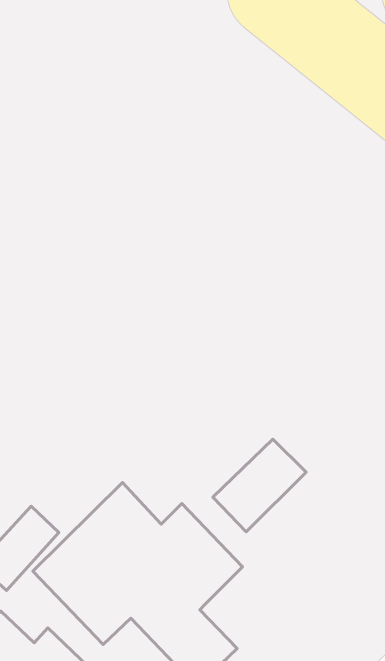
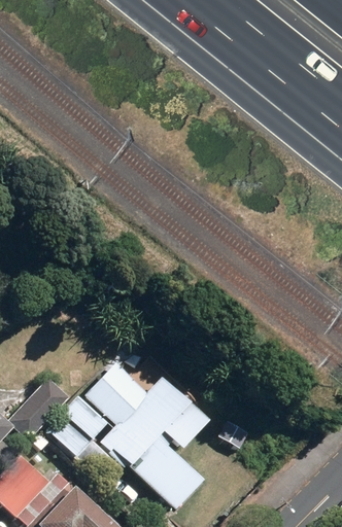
building: [213,439,306,532] -> none

